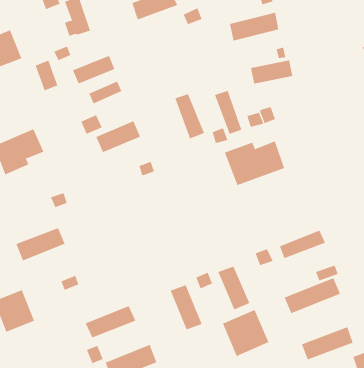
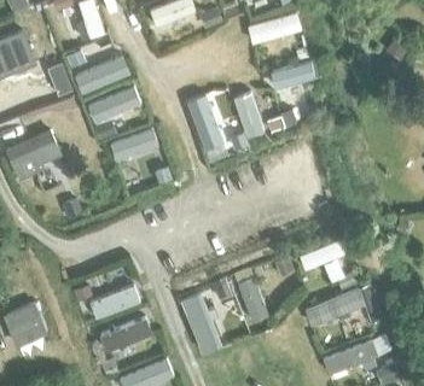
building: [224,141,285,186] -> none
building: [15,227,65,261] -> [89,285,141,320]
building: [222,309,269,357] -> none

